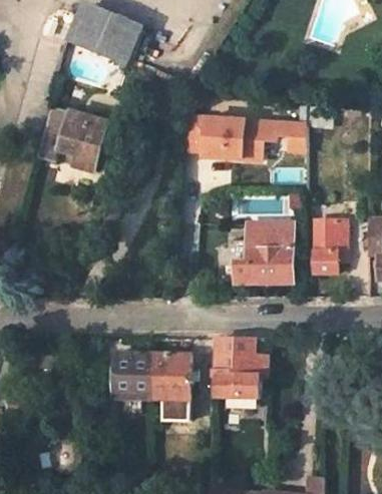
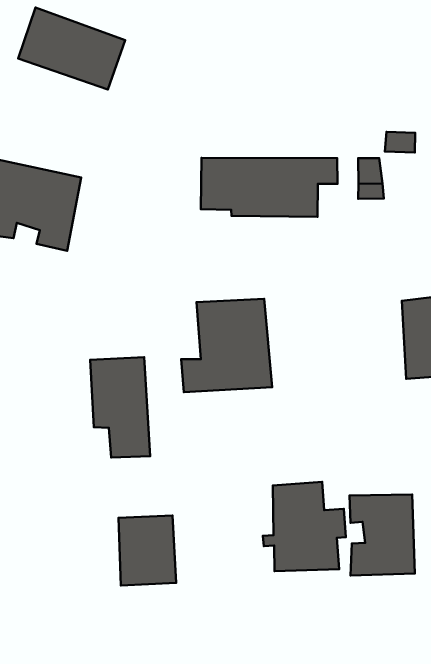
building: [234,221,293,282] -> [181,299,272,392]
building: none -> [349,495,415,575]
building: [150,353,187,420] -> [90,357,150,458]

